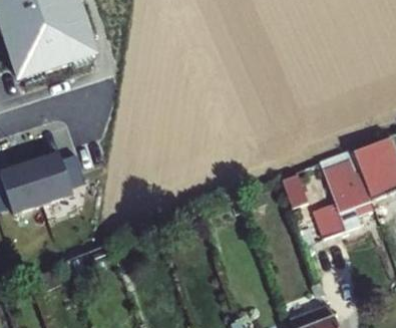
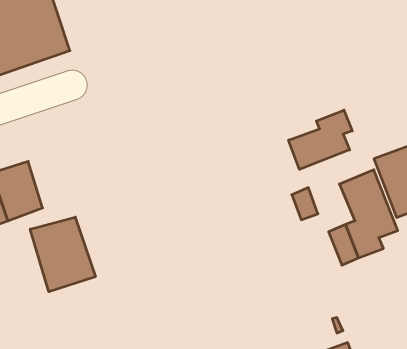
building: none -> [289,110,352,169]
building: none -> [30,217,95,292]

